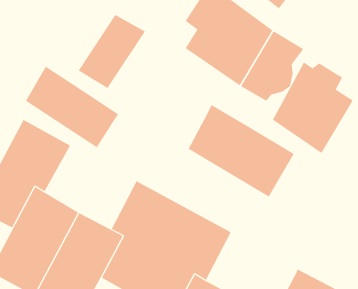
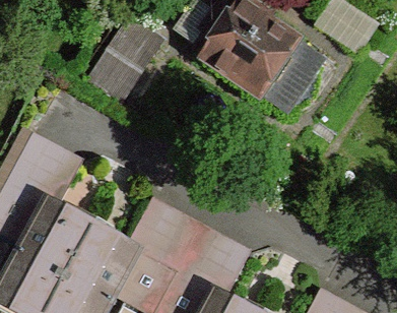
building: [272,62,353,154] -> none
building: [25,66,119,148] -> none
building: [188,104,294,197] -> none

